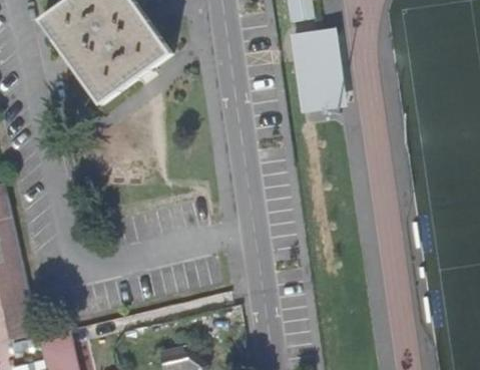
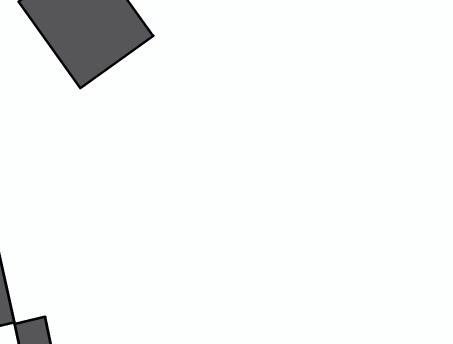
building: [289,24,348,108] -> none

